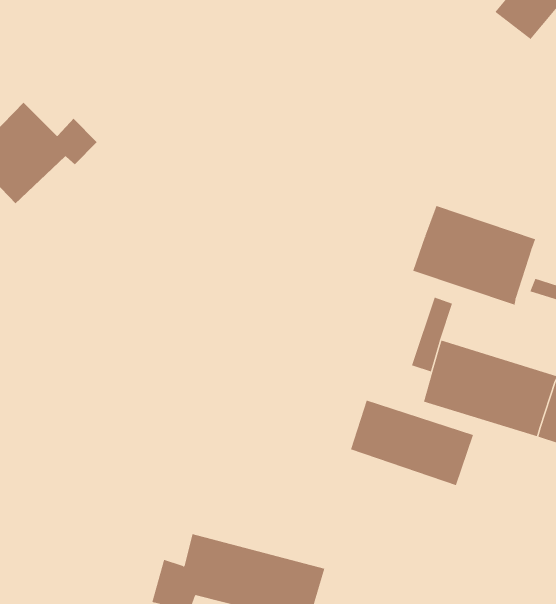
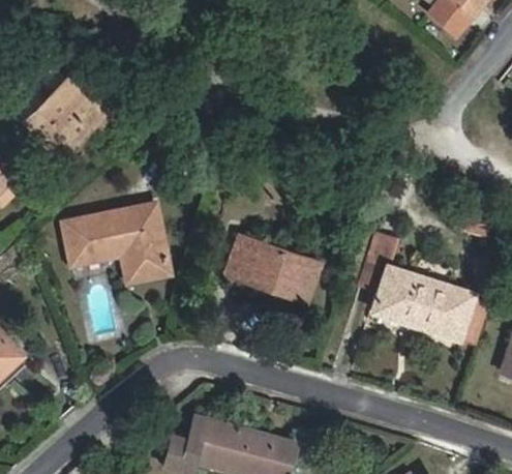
building: [412,205,536,305] -> none
building: none -> [61,203,172,284]
building: [350,400,474,486] -> [225,236,321,302]

